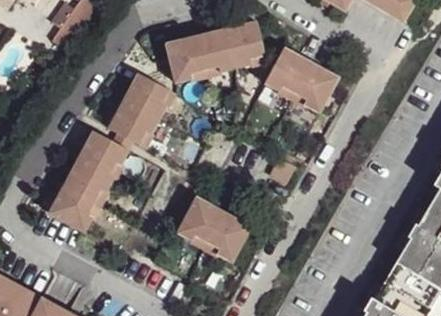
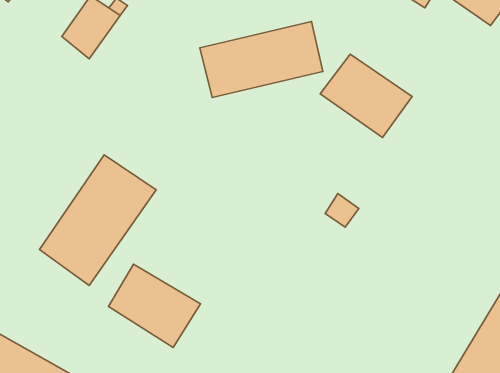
building: [103,80,179,157] -> none
building: [172,207,246,274] -> [109,264,201,348]

